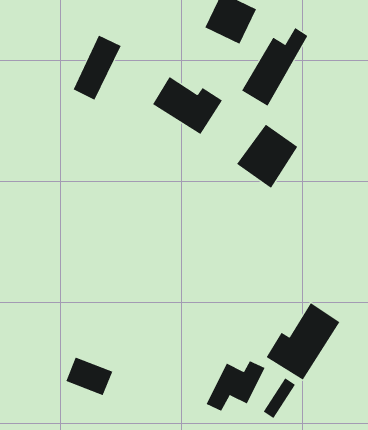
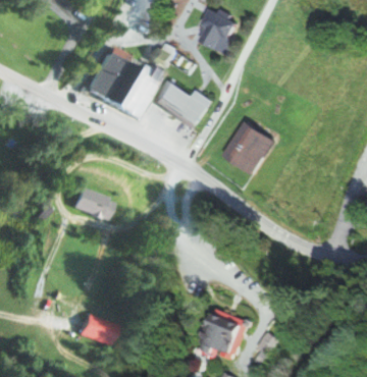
building: [241,27,308,106] -> [114,52,170,118]
building: none -> [75,188,115,220]
building: [266,302,340,380] -> none

